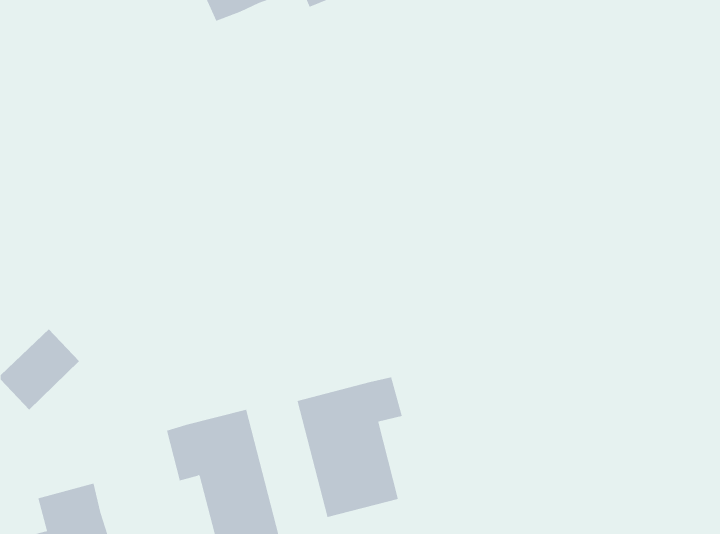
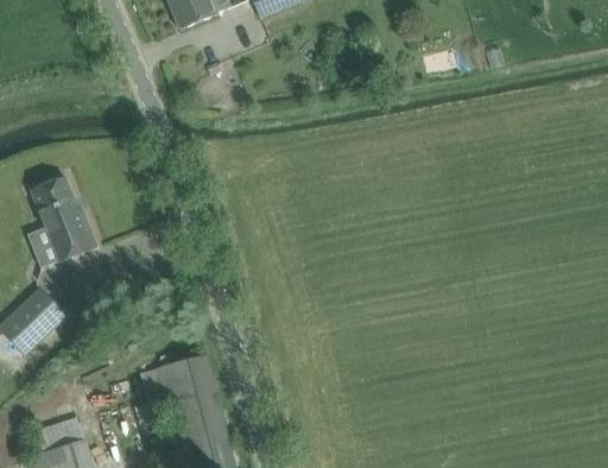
building: none -> [26,175,86,265]
building: [297,376,402,518] -> none

